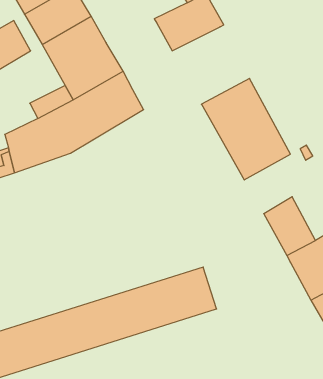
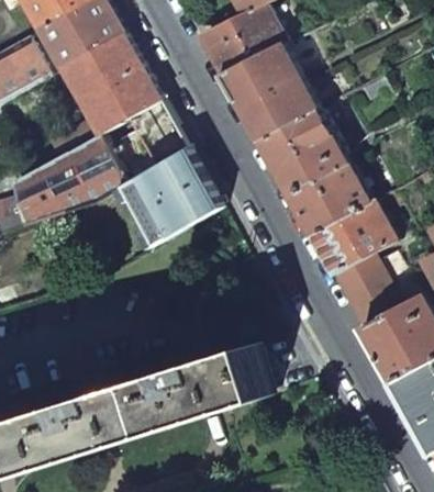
building: none -> [220,44,315,139]
building: none -> [122,146,219,243]
building: none -> [309,199,393,275]

